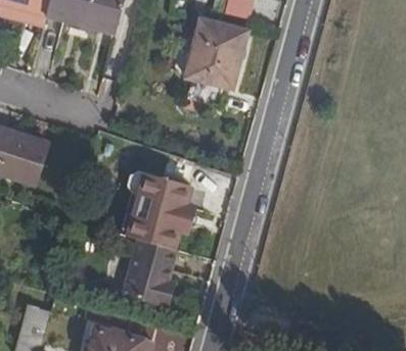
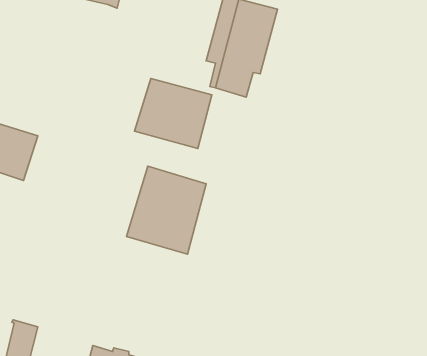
building: none -> [134,79,212,148]
building: [122,239,172,305] -> none

